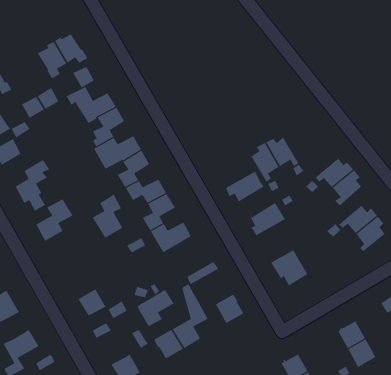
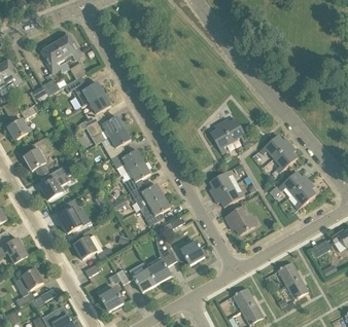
building: [225,171,265,202] -> [213,181,244,206]
building: [92,194,123,238] -> [57,196,81,231]
building: [137,289,175,327] -> [140,194,170,224]

